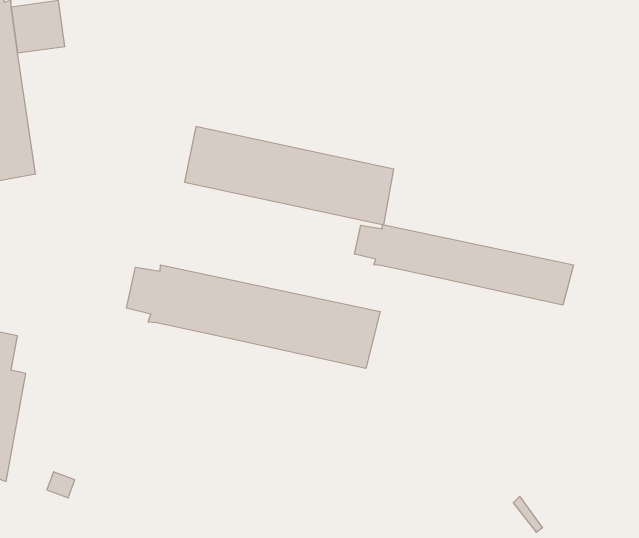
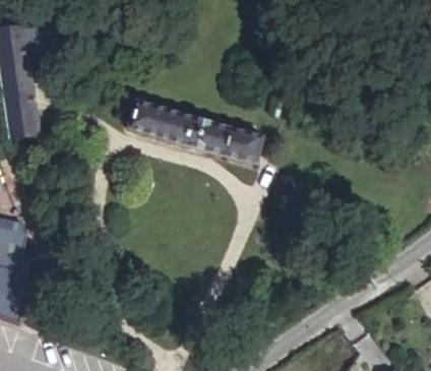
building: [354,224,573,305] -> none
building: [126,265,380,368] -> none

